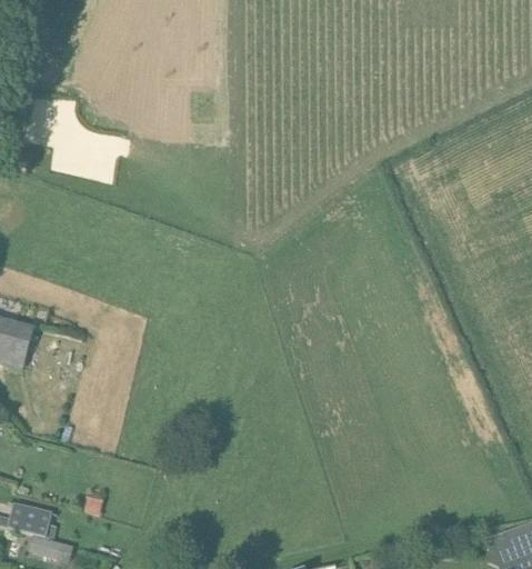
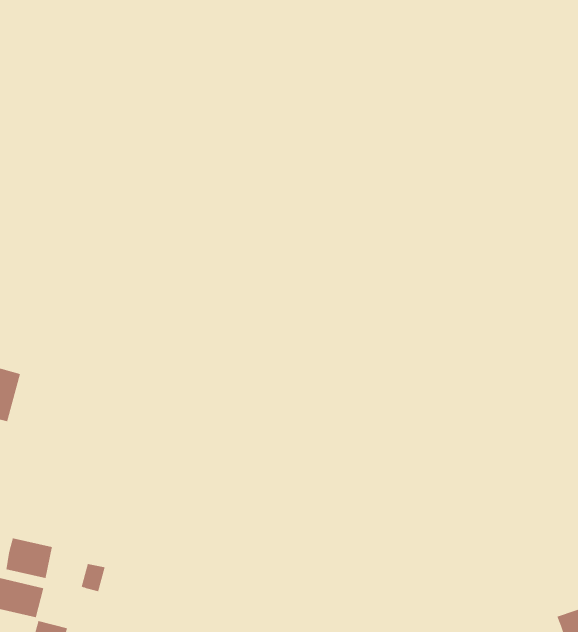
building: none -> [6,537,52,579]

